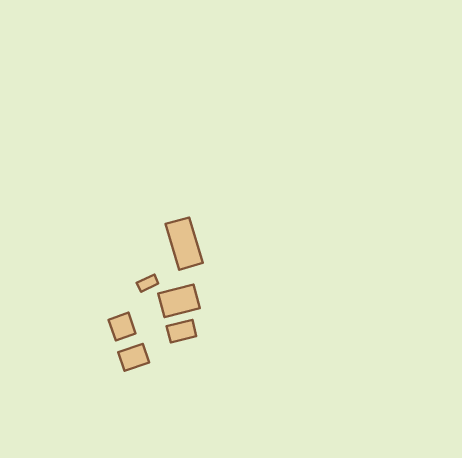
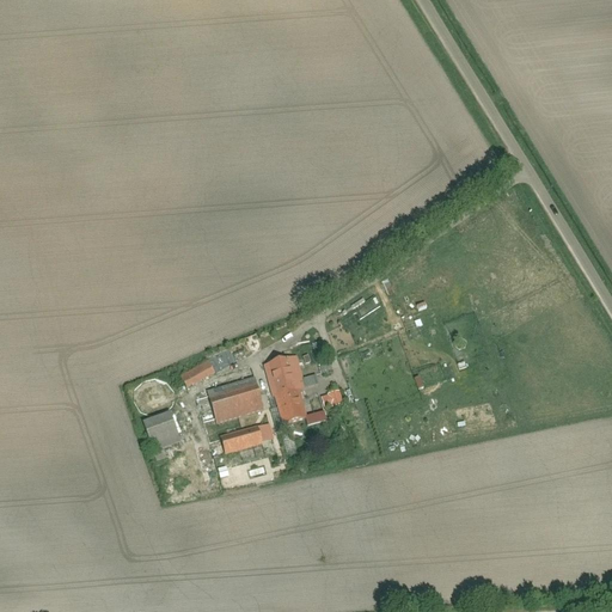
building: [166,218,203,270] -> [264,353,313,422]
building: [118,344,149,371] -> none

